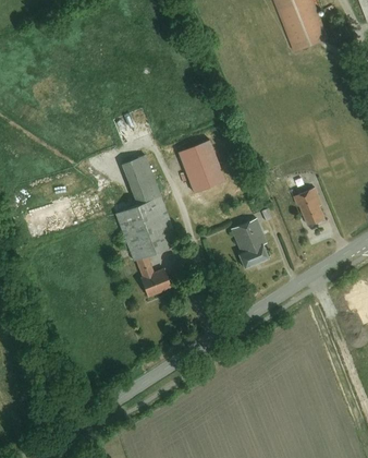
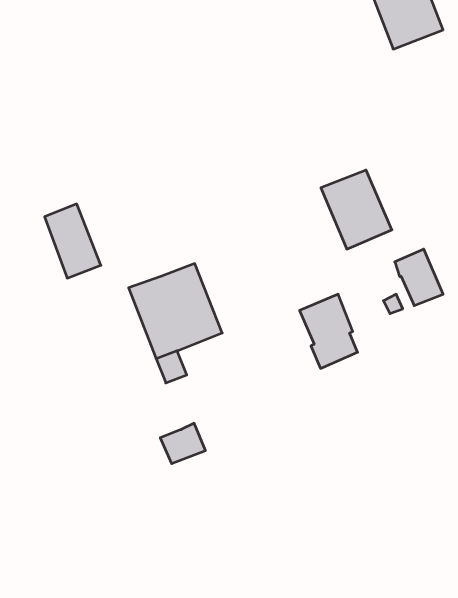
building: [179,140,226,193] -> [321,170,392,249]
building: [122,156,160,206] -> [45,204,101,278]
building: [140,268,171,296] -> [160,423,205,464]

